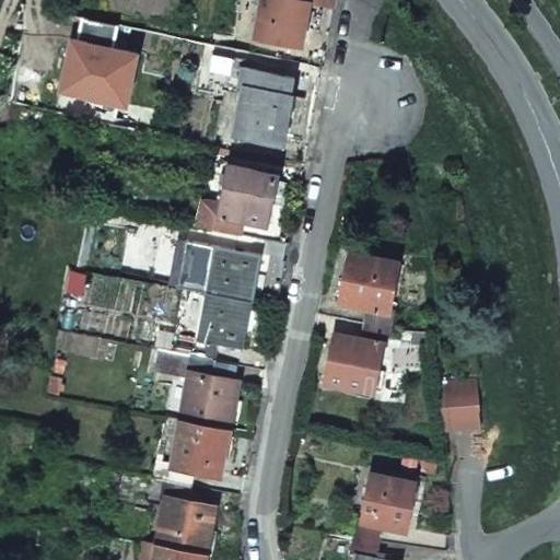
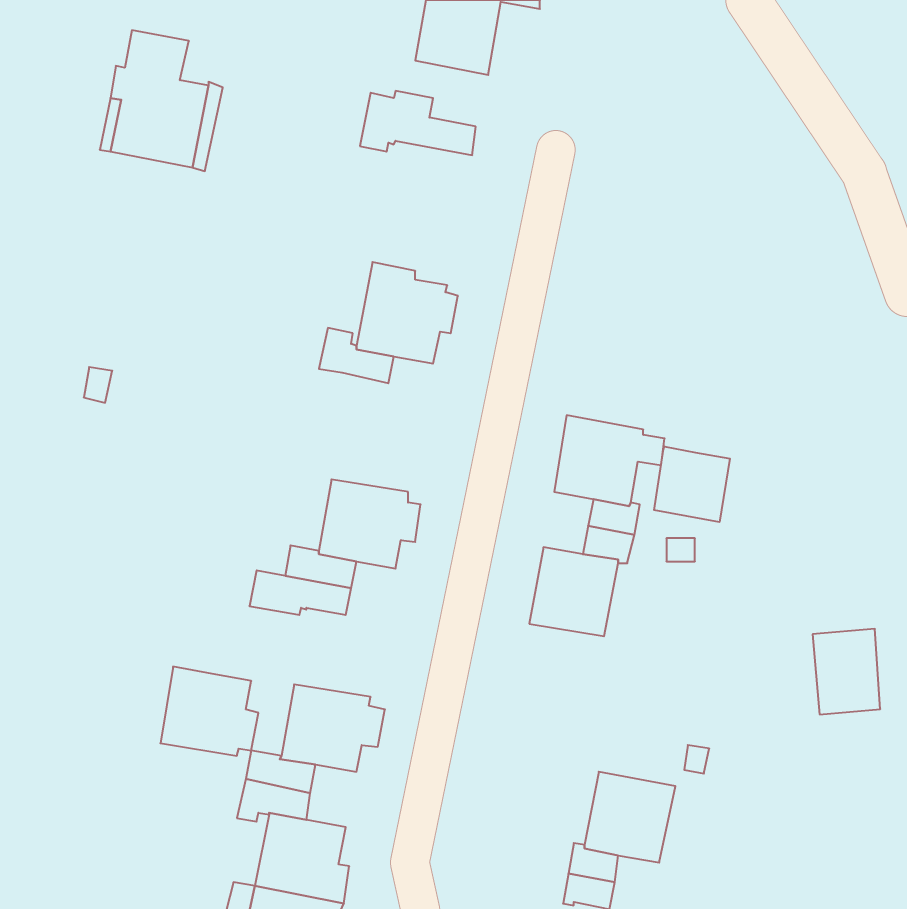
building: [234,88,290,143] -> none
building: [176,243,260,303] -> none
building: none -> [654,446,730,522]
building: [180,374,241,429] -> [160,667,258,756]
building: [438,380,479,432] -> [813,629,880,714]

